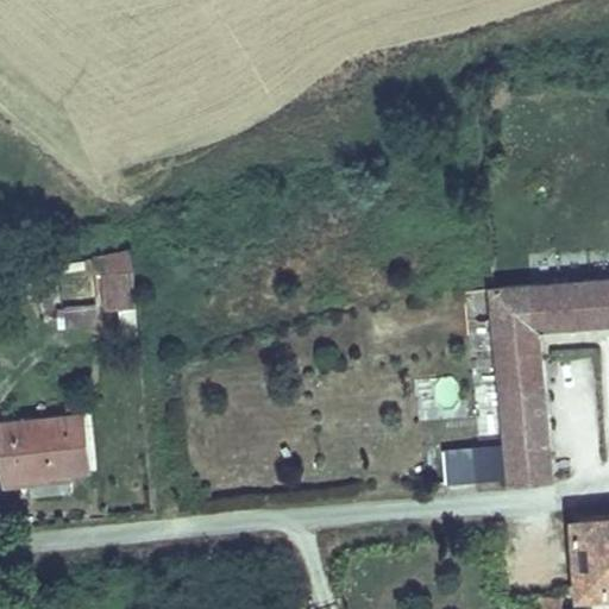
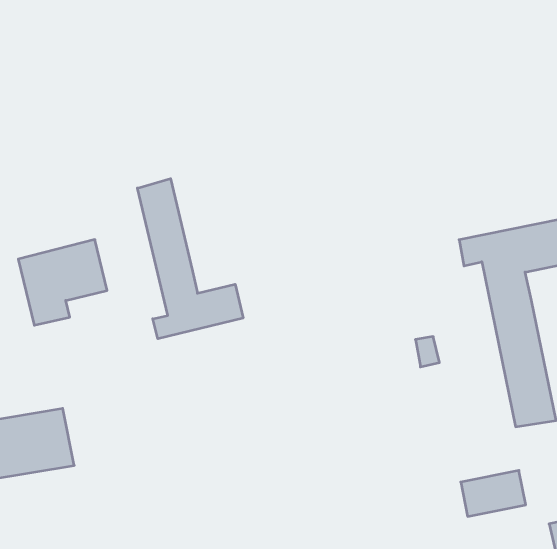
building: none -> [137,179,243,339]
building: [431,447,492,488] -> [461,470,526,516]

